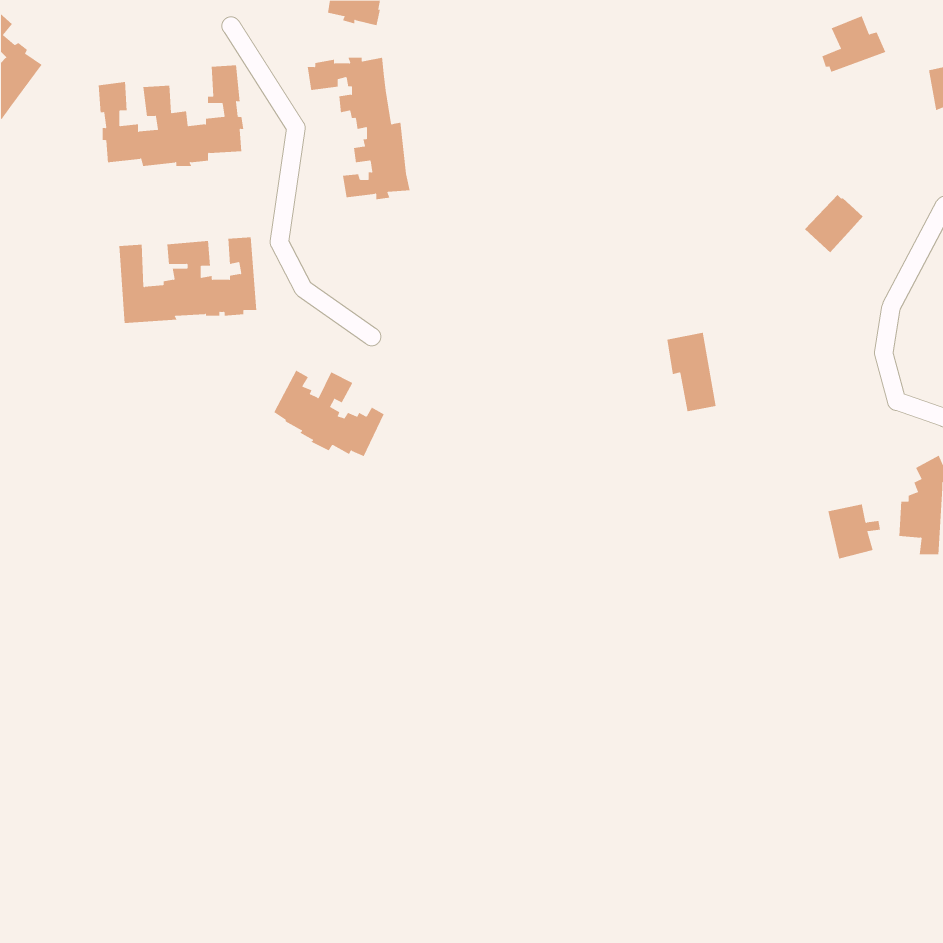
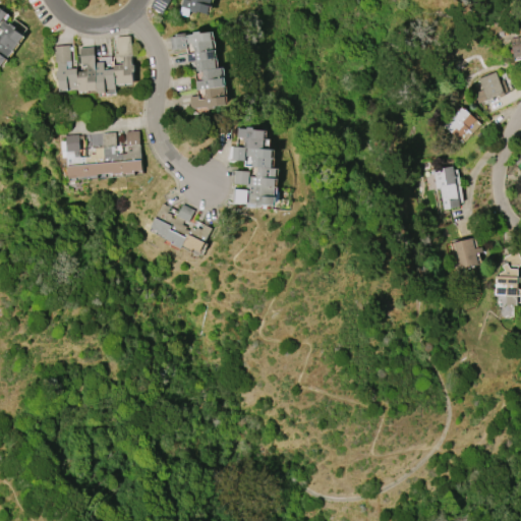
building: [822,15,886,73] -> [473,72,509,104]
building: none -> [232,128,277,208]
building: [667,332,716,412] -> [432,167,460,211]
building: [827,504,881,559] -> [454,239,483,270]

